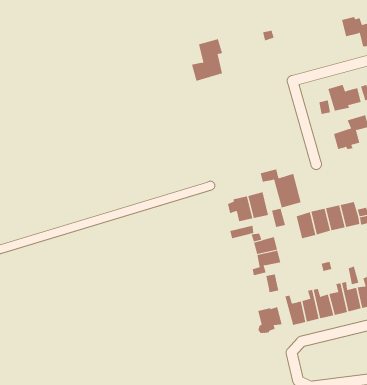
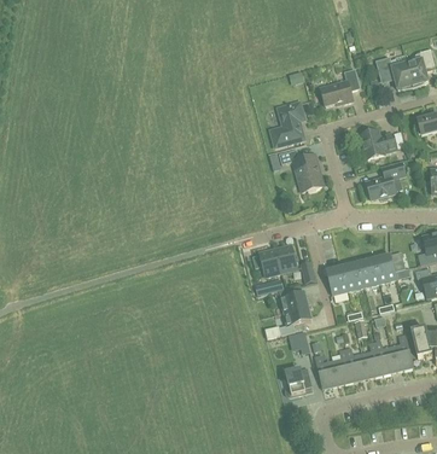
building: none -> [320,68,359,105]
building: [191,39,223,81] -> [270,100,304,146]
building: [260,169,302,208] -> [279,147,324,190]

